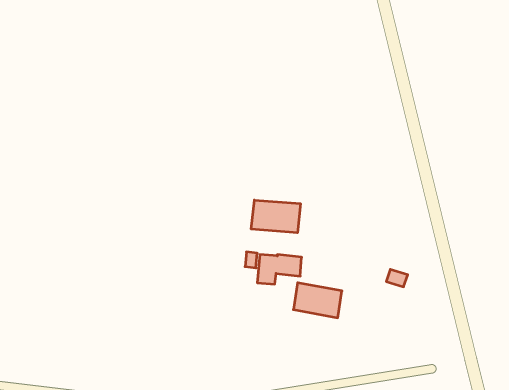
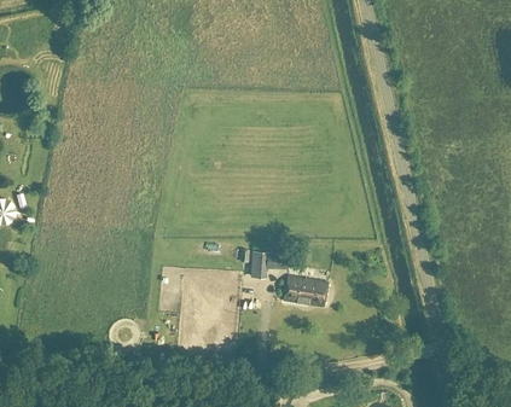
building: [251,200,300,233] -> none

